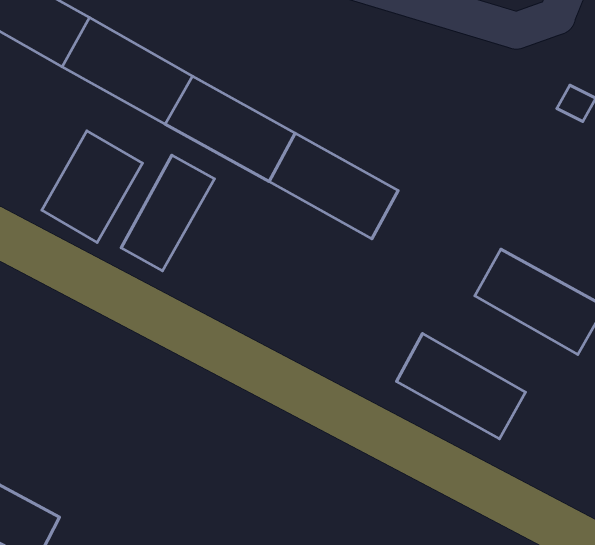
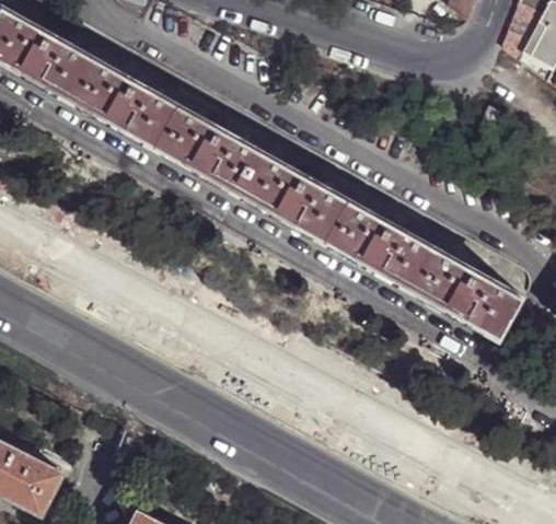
building: [42,131,142,242] -> none
building: [121,155,215,271] -> none
building: [397,334,525,439] -> [322,197,430,286]

